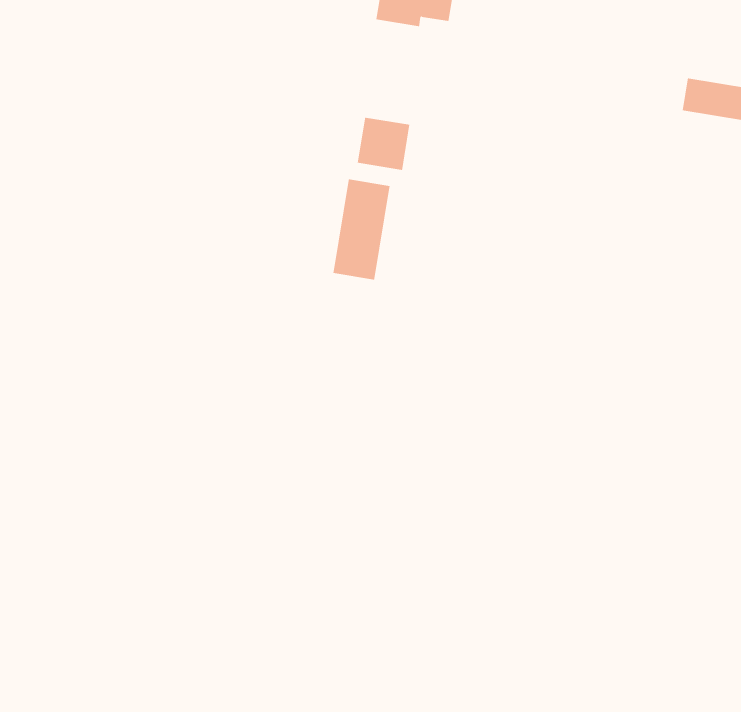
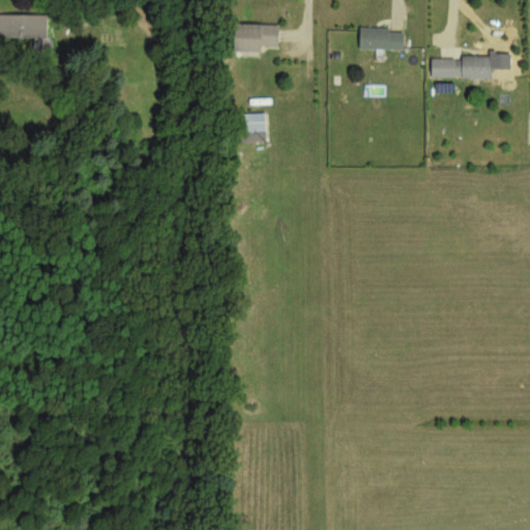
building: none -> [360,29,404,50]
building: [333,179,390,280] -> none

